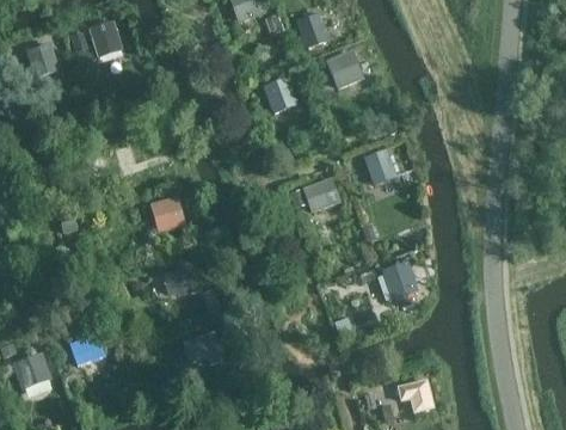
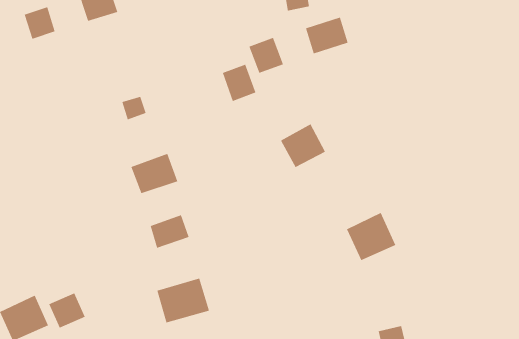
building: none -> [222,64,256,102]
building: [364,148,398,185] -> none
building: none -> [48,293,85,328]

